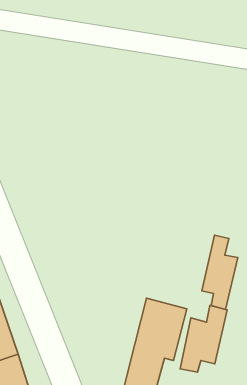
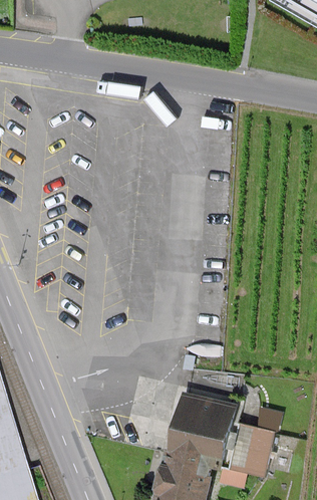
building: [202,235,238,309] -> none

